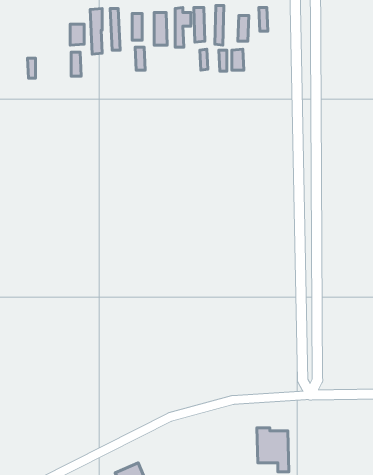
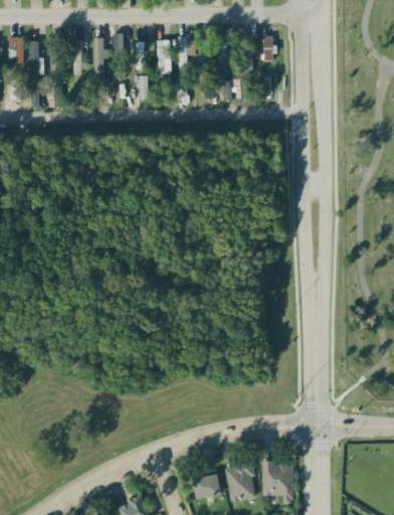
building: none -> [8,36,23,74]
building: none -> [30,40,44,83]
building: none -> [226,463,255,500]
building: none -> [193,473,221,498]

